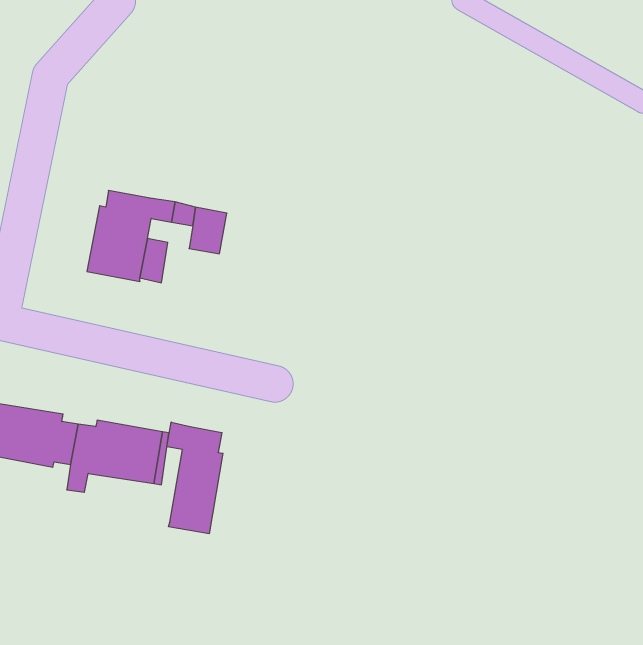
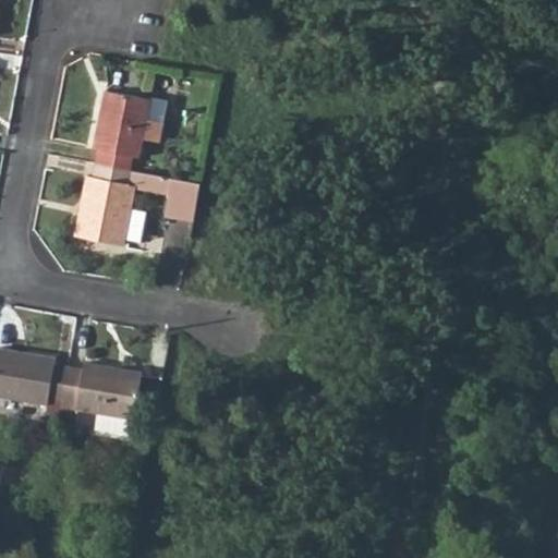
building: none -> [92,92,161,171]
building: [167,422,223,534] -> none

